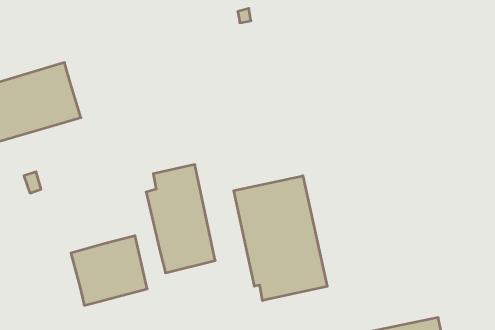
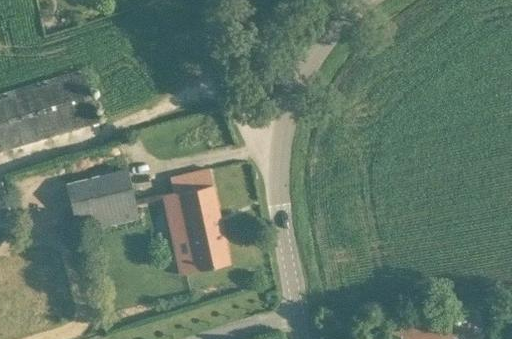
building: [234,176,327,301] -> none
building: [71,236,147,305] -> [65,168,140,236]

